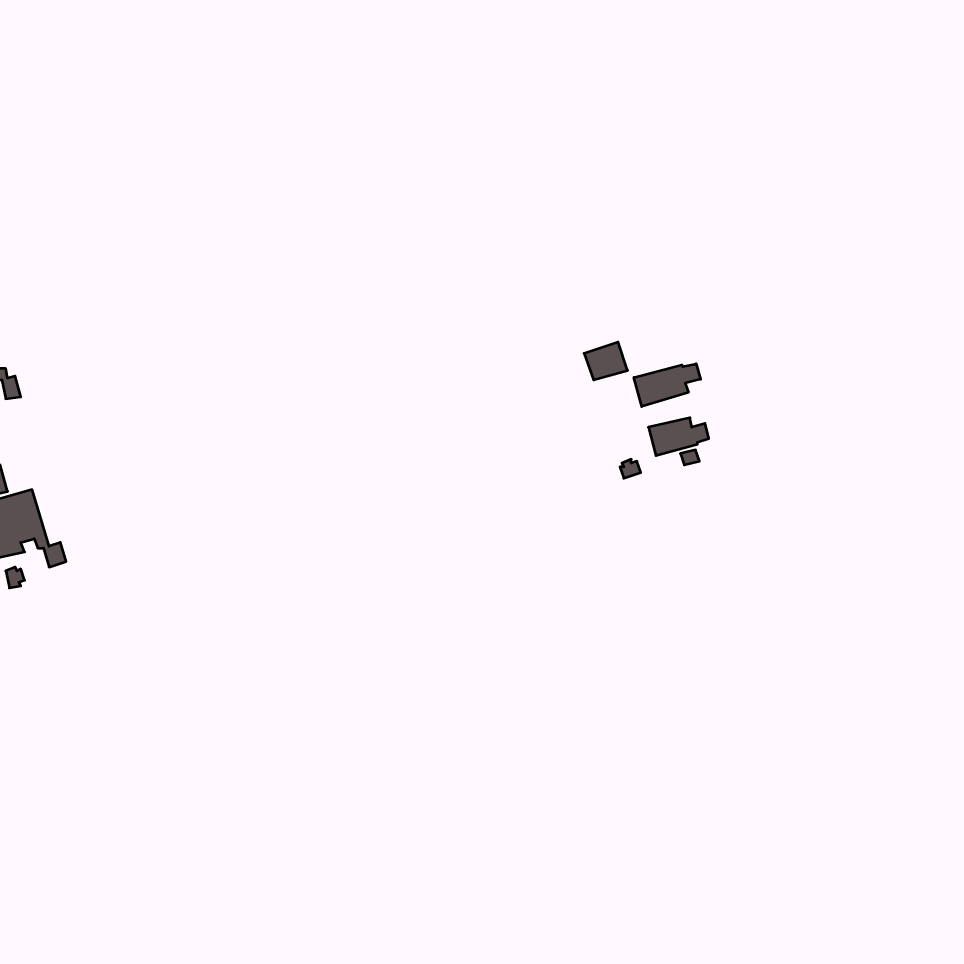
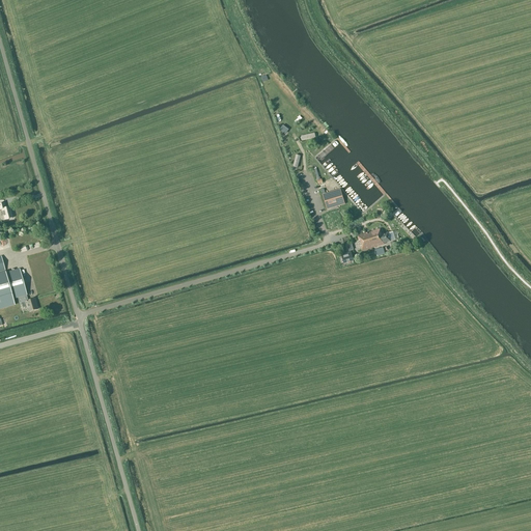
building: [634,364,701,407] -> none

